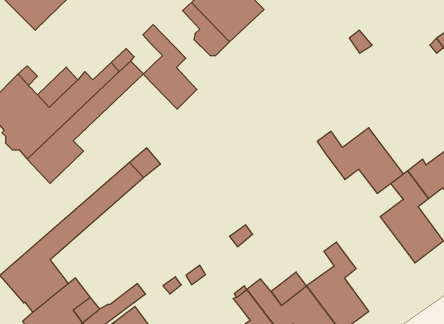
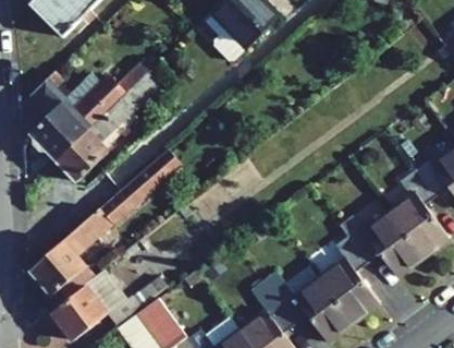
building: [143,25,197,109] -> none
building: [317,128,403,193] -> [341,214,422,276]

